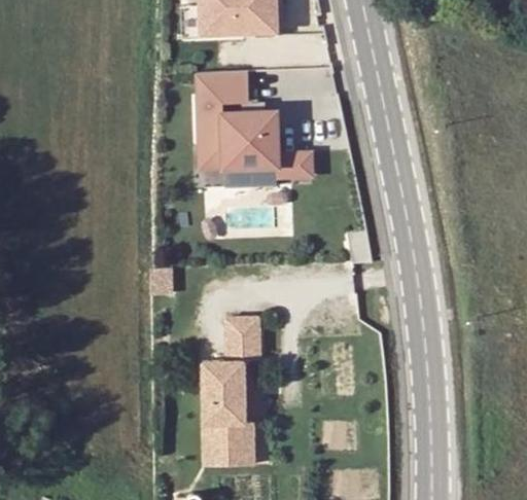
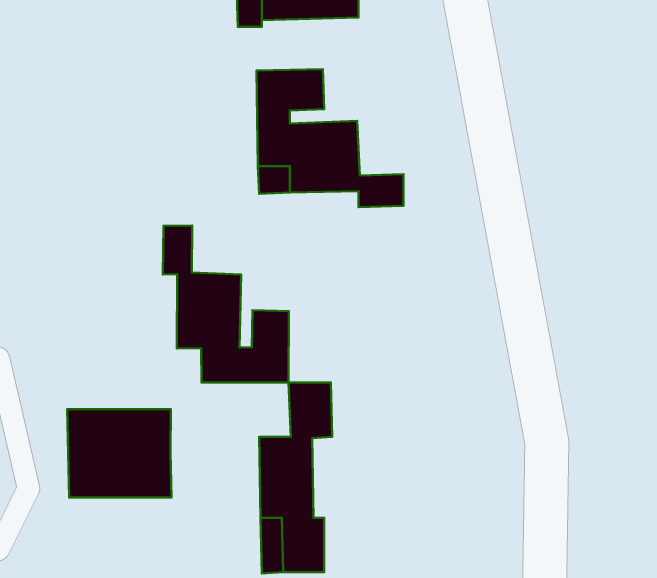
building: none -> [163,225,289,382]
building: none -> [67,409,172,497]

